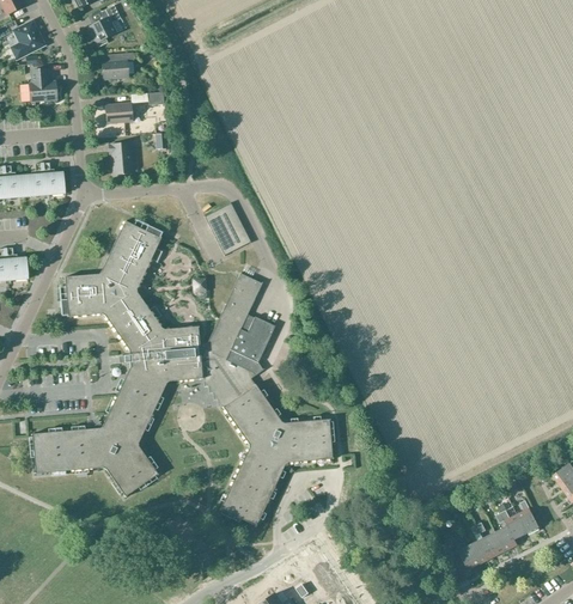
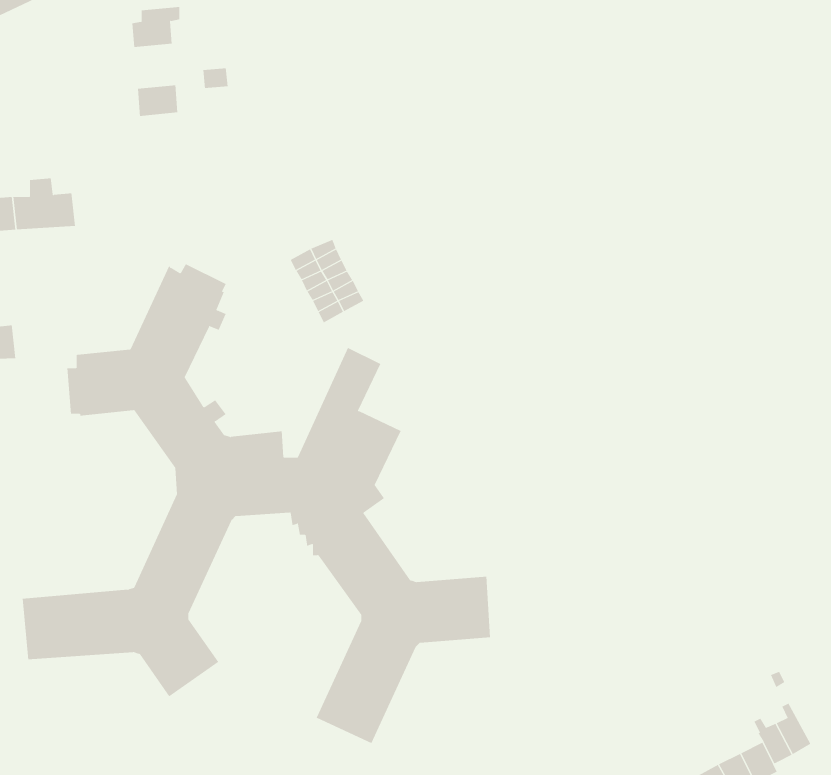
building: [29,69,56,102] -> none
building: [109,142,132,173] -> none

